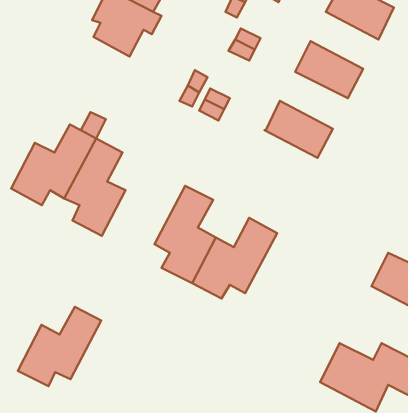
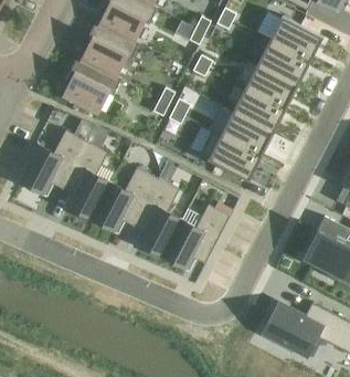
building: none -> [256,40,310,85]
building: none -> [65,57,119,112]
building: none -> [232,87,286,133]
building: none -> [198,128,262,180]
building: [18,307,101,386] -> [91,167,157,230]

